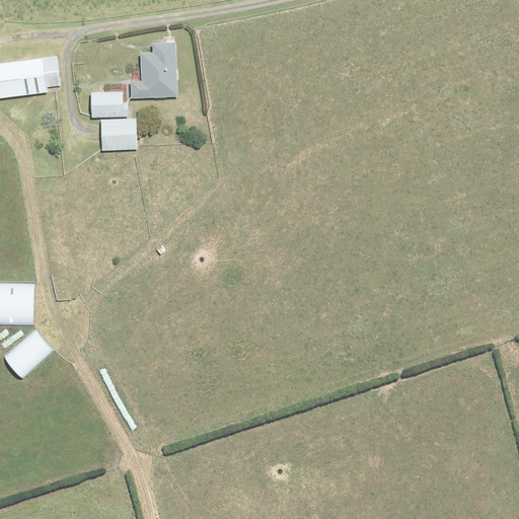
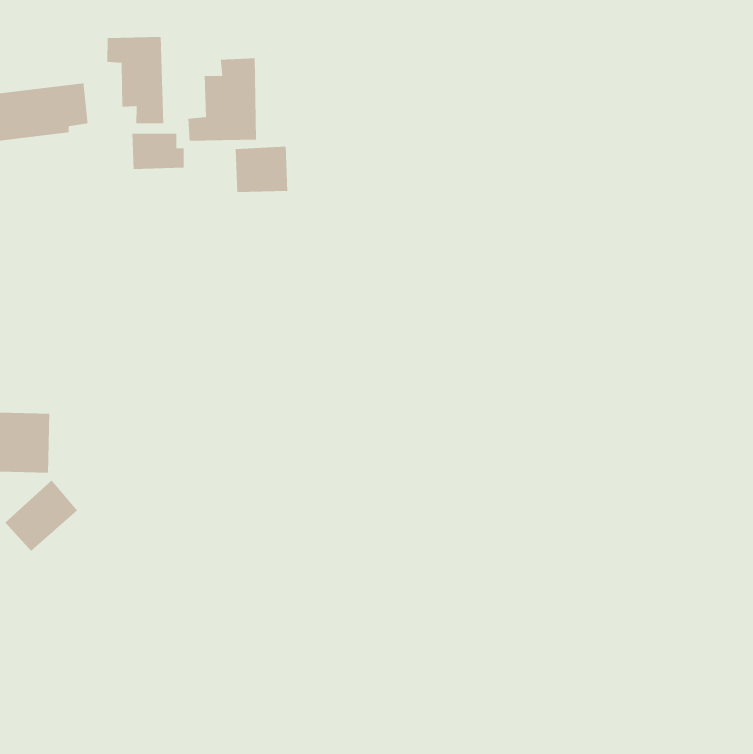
building: none -> [107,36,164,124]
building: [99,118,136,150] -> [235,146,288,193]

